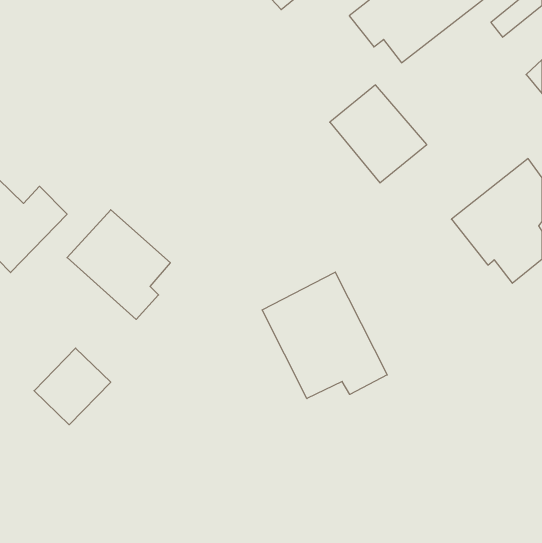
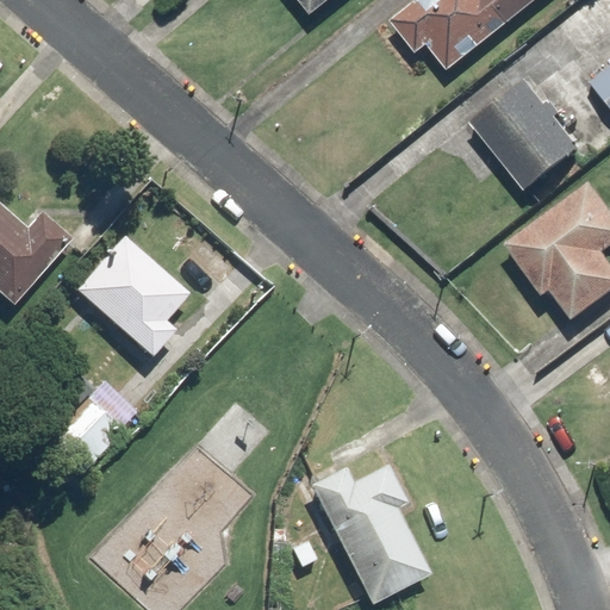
building: [330,85,427,183] -> [472,77,580,187]
building: [262,272,387,399] -> none
building: none -> [307,459,431,603]

